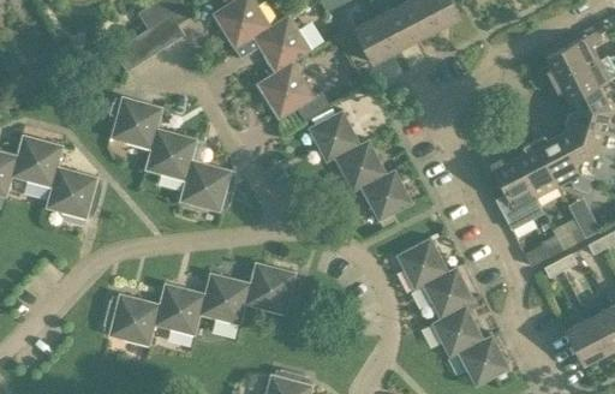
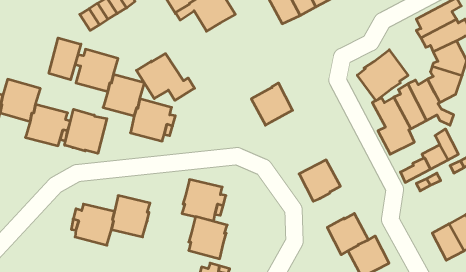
building: [257,61,332,121] -> [136,54,195,100]
building: none -> [49,38,81,80]
building: none -> [357,50,408,101]
building: [308,109,360,162] -> none
building: [360,168,413,221] -> none
building: none -> [65,109,107,153]
building: [422,265,474,318] -> none
building: [201,271,250,326] -> [189,217,227,259]

